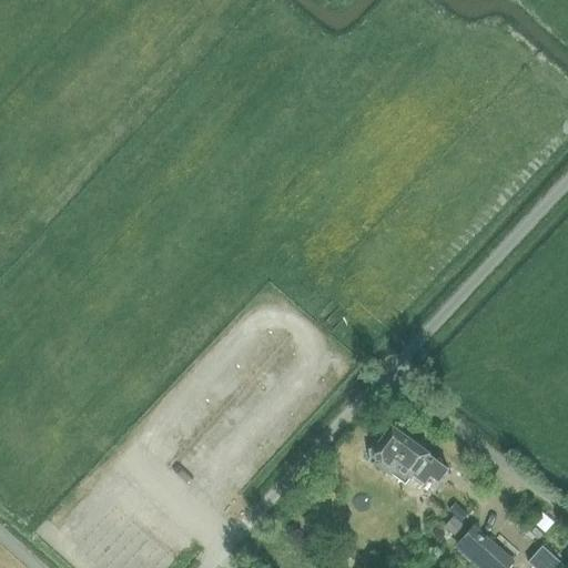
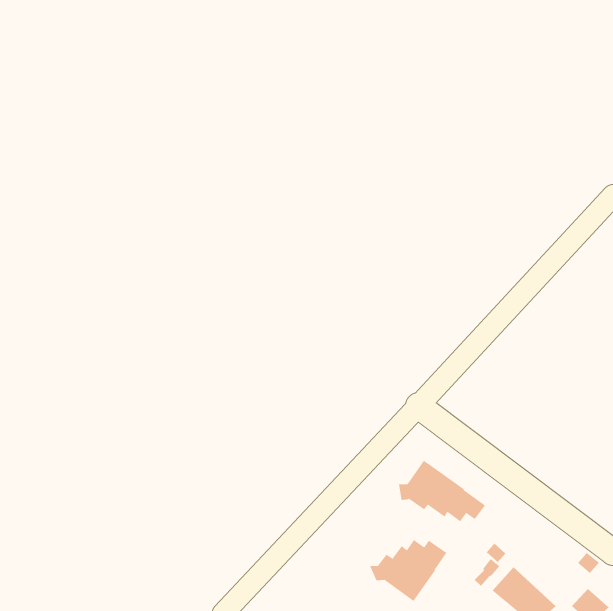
building: none -> [369,539,447,602]

